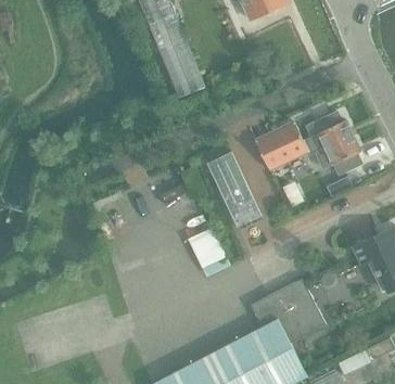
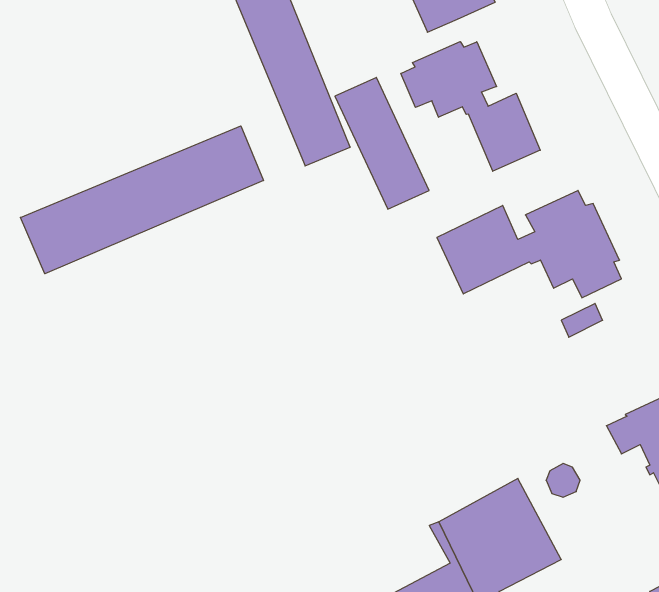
building: none -> [401,42,540,171]
building: none -> [20,126,263,274]
building: [205,151,259,227] -> [335,77,429,209]

